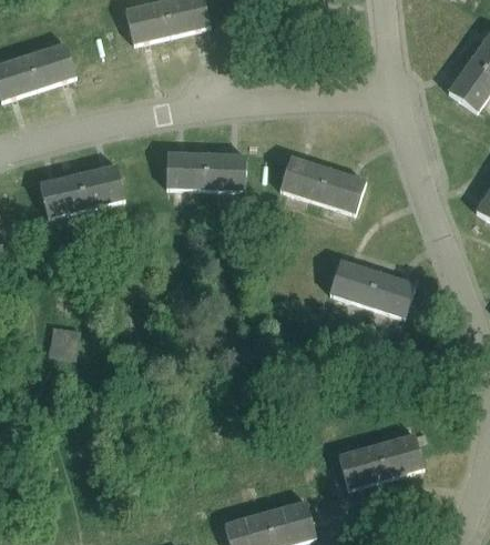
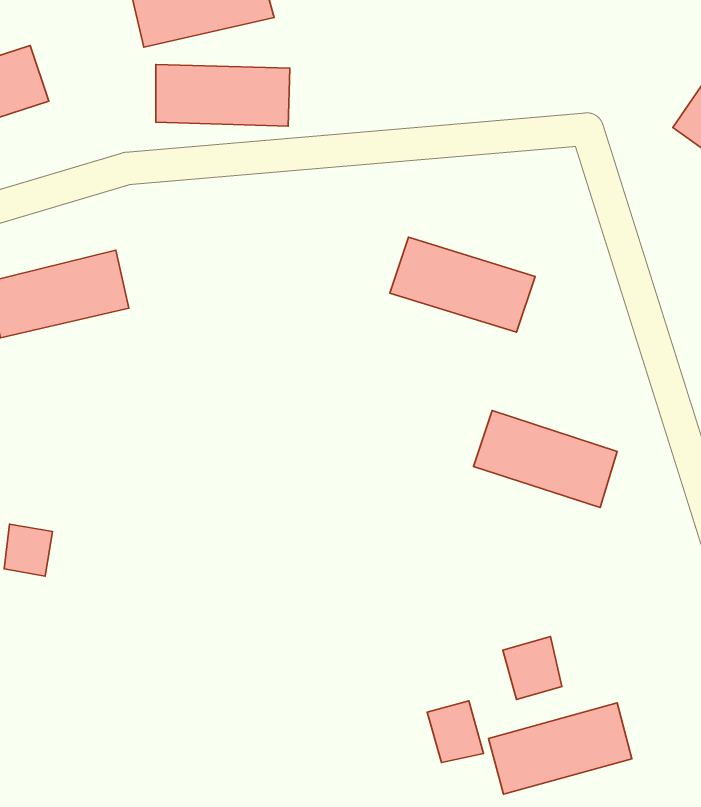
building: [166,153,246,190] -> [156,65,290,126]
building: none -> [503,637,562,700]
building: none -> [427,701,484,763]

